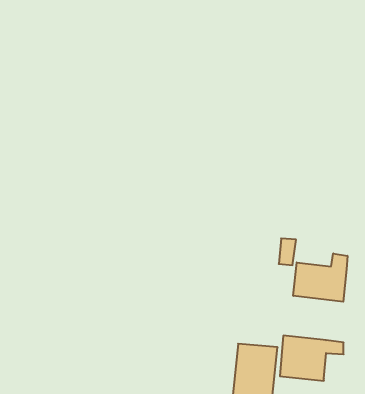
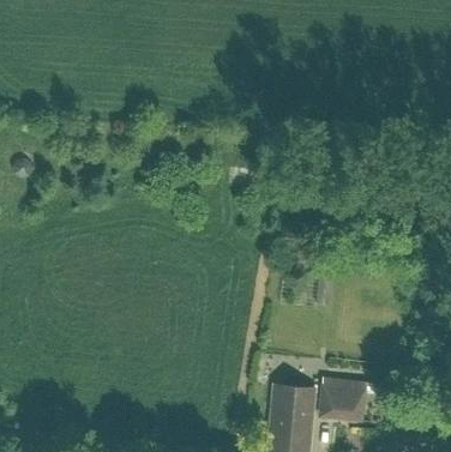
building: [293,253,347,302] -> none

